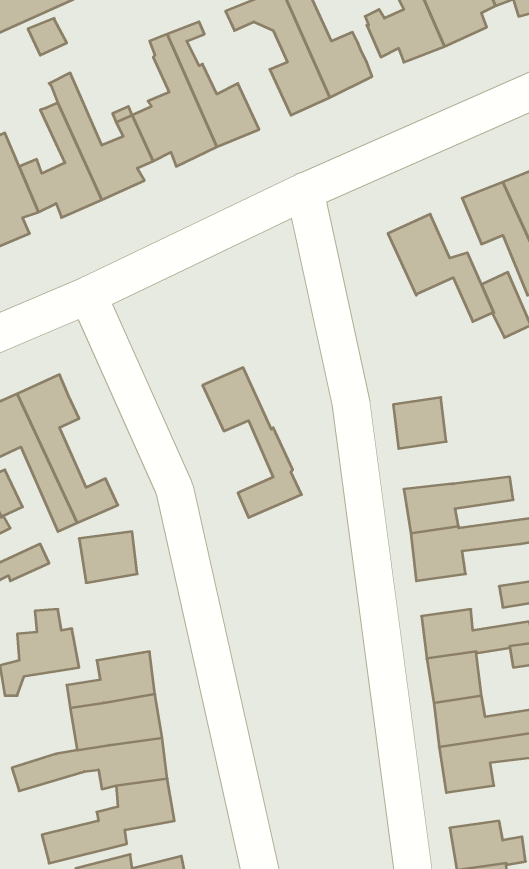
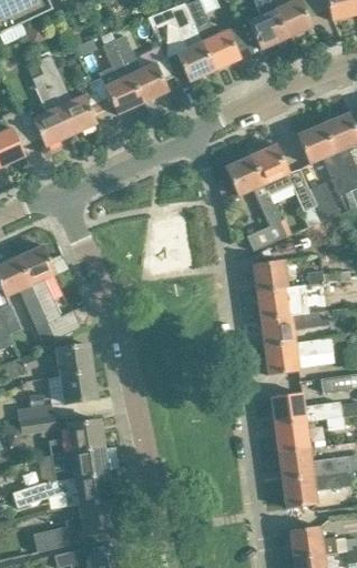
building: [203,368,302,518] -> [225,156,287,251]
building: none -> [257,287,290,317]
building: none -> [61,371,98,403]

